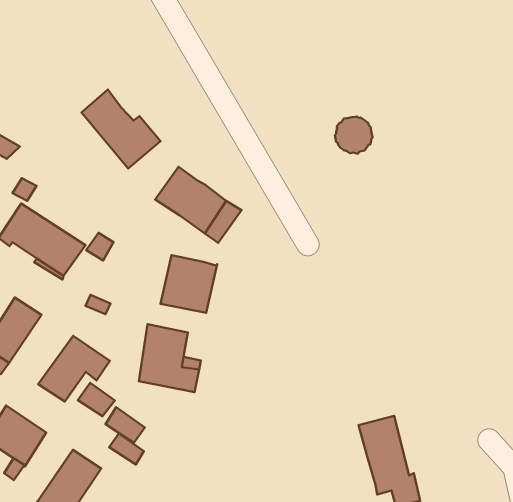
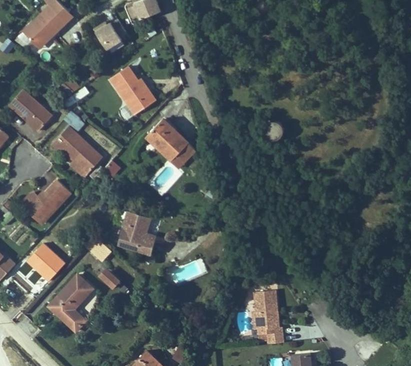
building: none -> [95,17,127,47]
building: [161,255,217,313] -> none
building: [38,336,110,402] -> none

